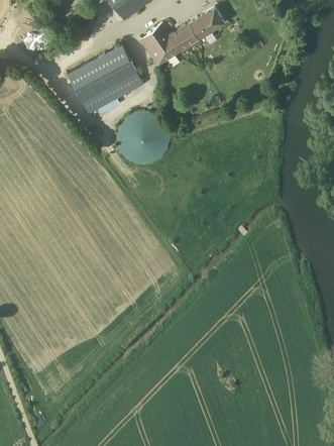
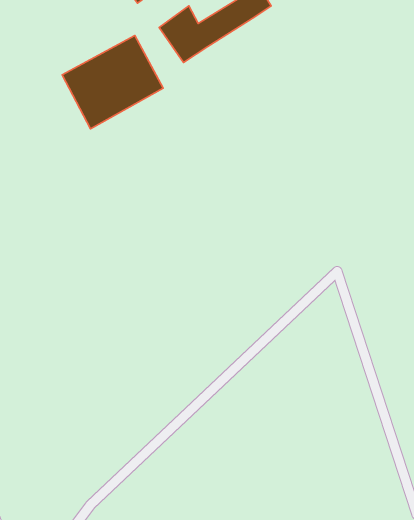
building: [113,109,172,168] -> none

